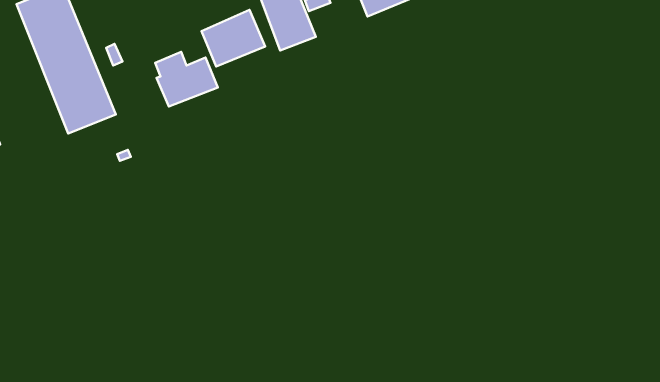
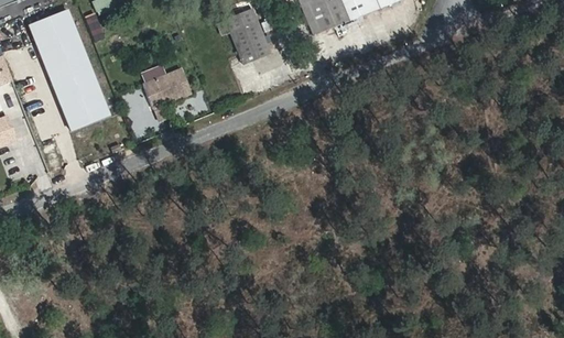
building: [201,10,265,67] -> none

